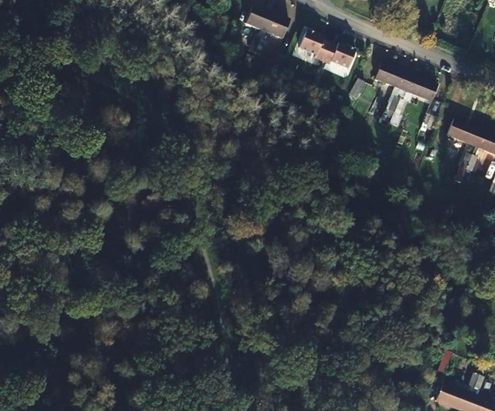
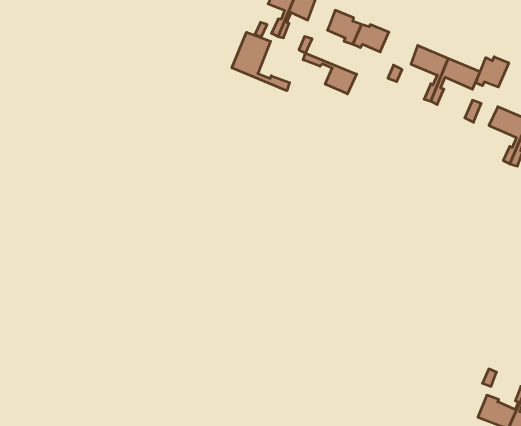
building: none -> [232,32,290,91]
building: none -> [303,53,357,94]
building: none -> [476,57,509,87]

